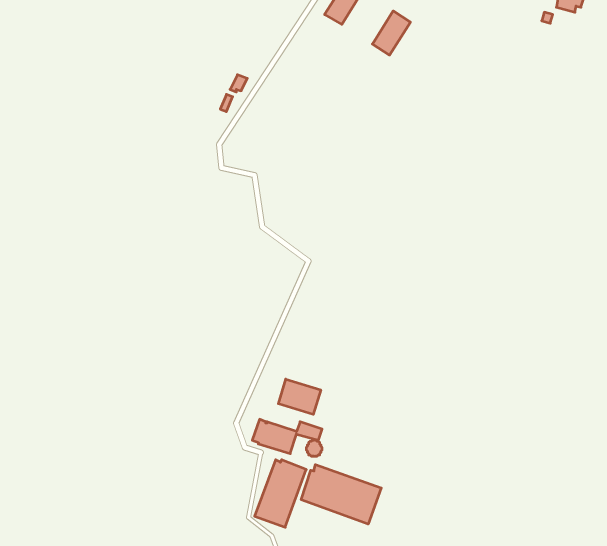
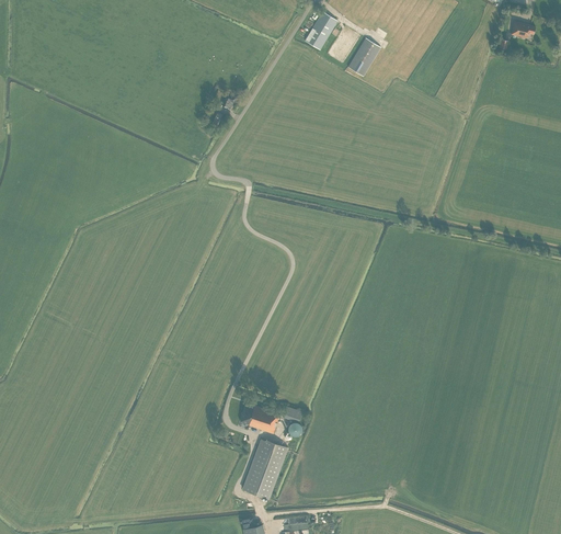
building: [278,379,321,414] -> none
building: [301,465,381,524] -> none

